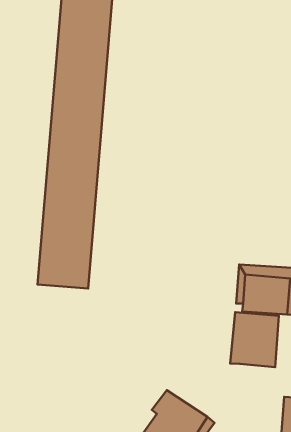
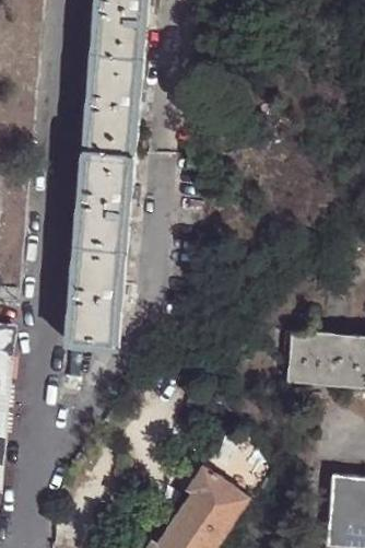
building: [230,312,279,367] -> none

